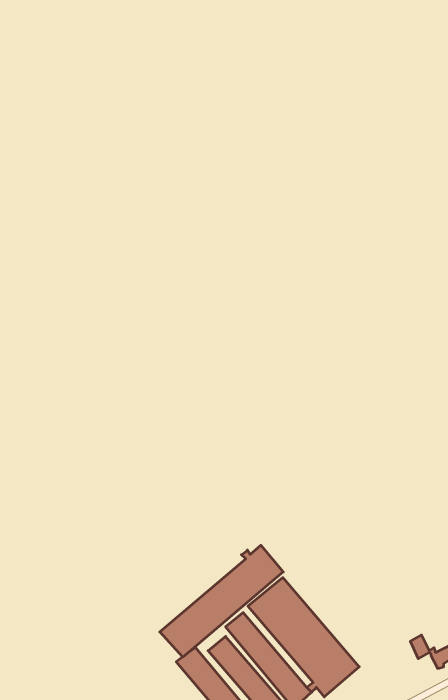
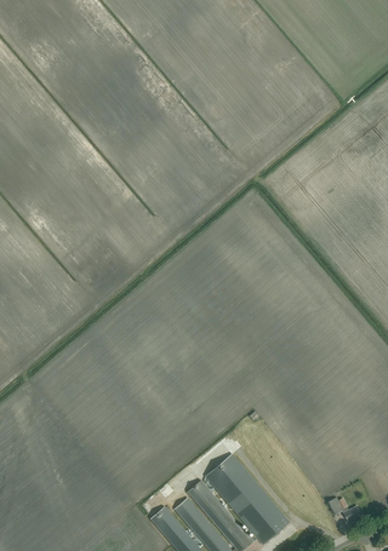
building: [160,545,283,657] -> none

